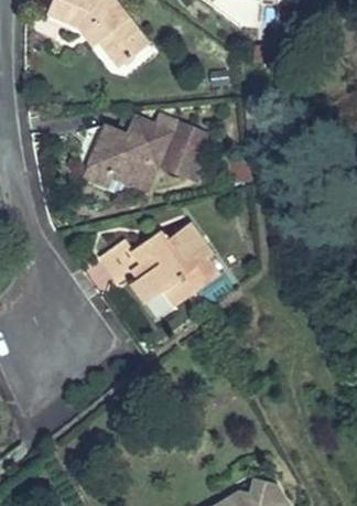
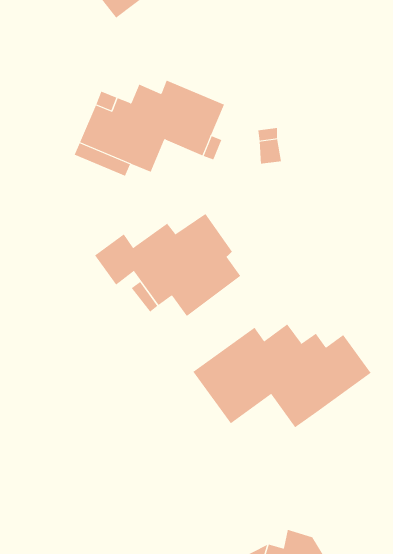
building: none -> [193,323,372,428]

